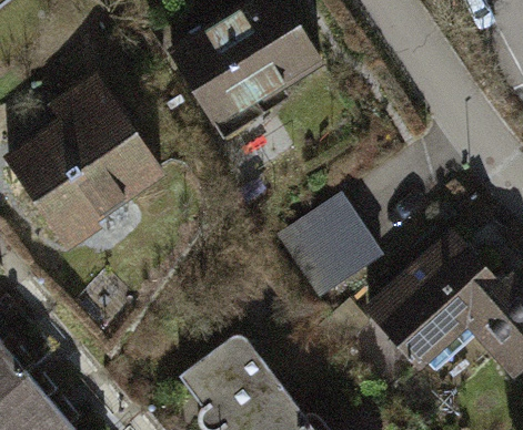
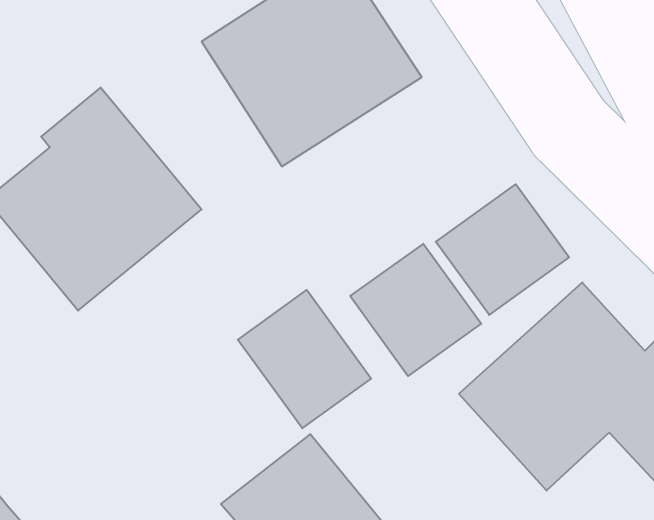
building: none -> [436,184,569,315]
building: none -> [238,290,371,428]

